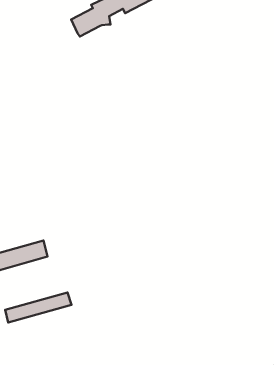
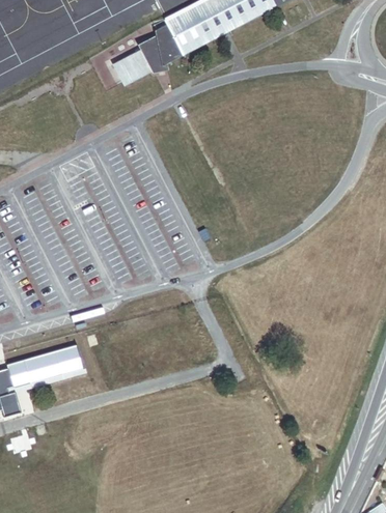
building: [5,293,72,323] -> none

